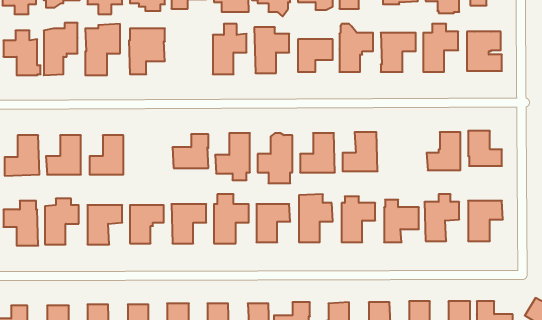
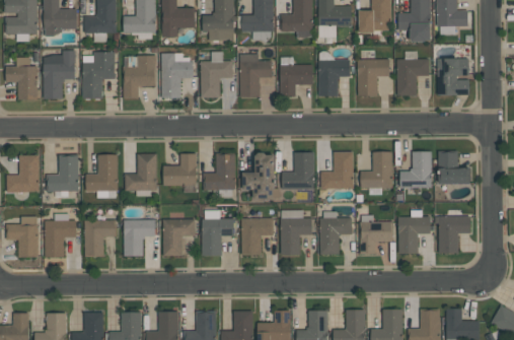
building: none -> [161,53,193,96]
building: none -> [361,151,392,195]
building: none -> [125,152,157,196]

